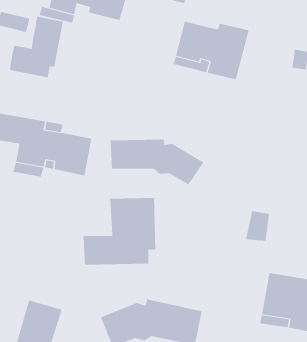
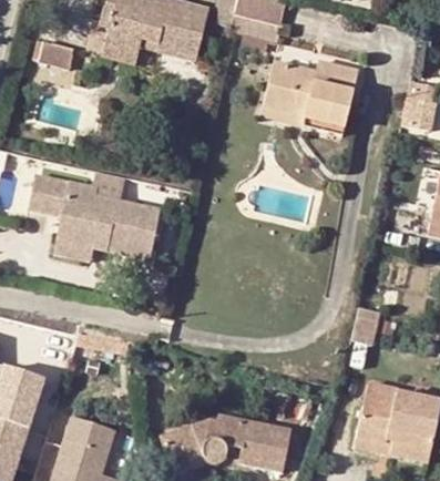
building: [9,16,64,78] -> none
building: [110,139,204,185] -> none
building: [83,197,156,265] -> none

